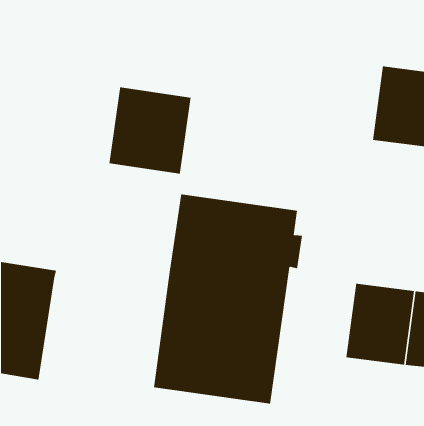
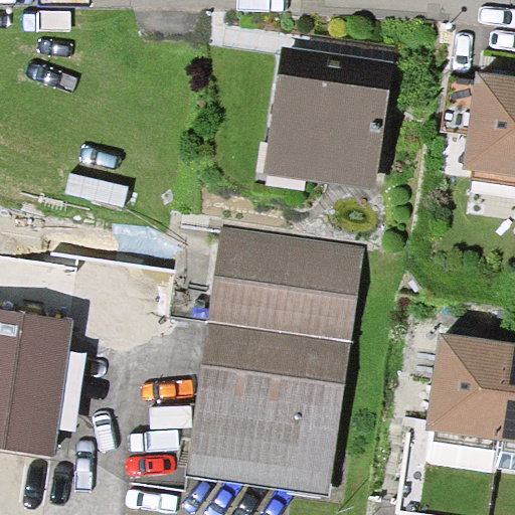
building: none -> [272,59,389,185]
building: [109,87,191,175] -> none

